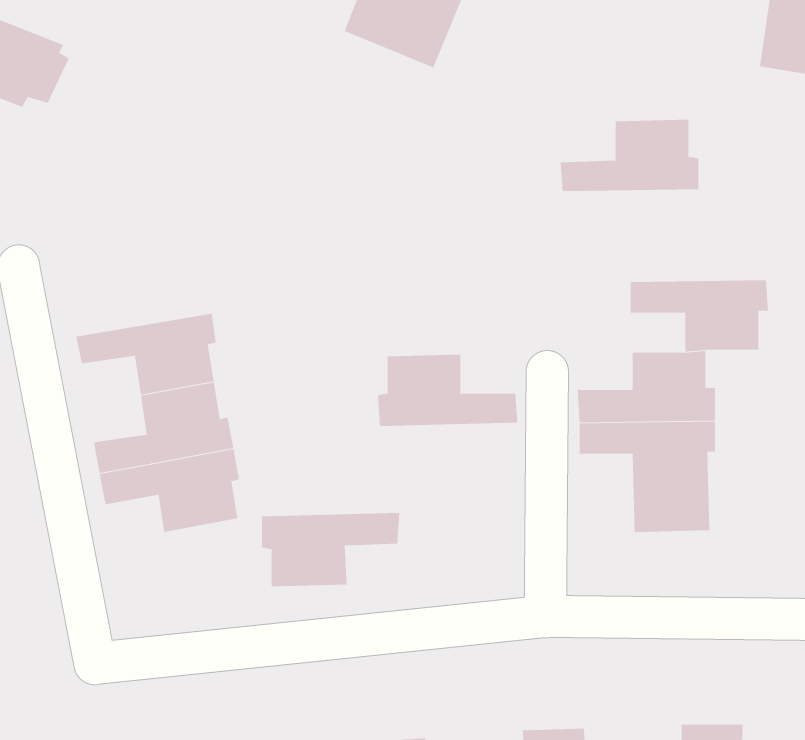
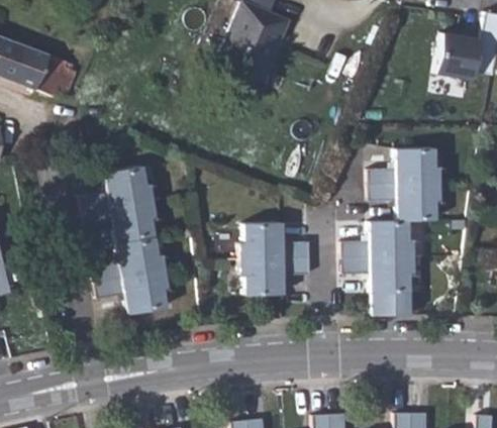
building: [560,119,699,192] -> [368,147,439,185]
building: none -> [80,166,154,213]
building: [261,512,400,587] -> [239,257,311,296]

